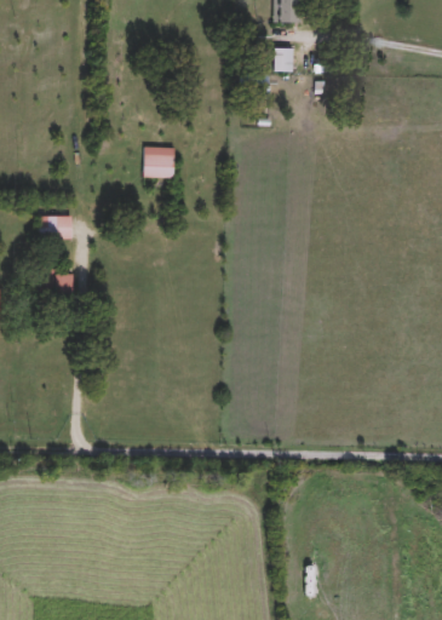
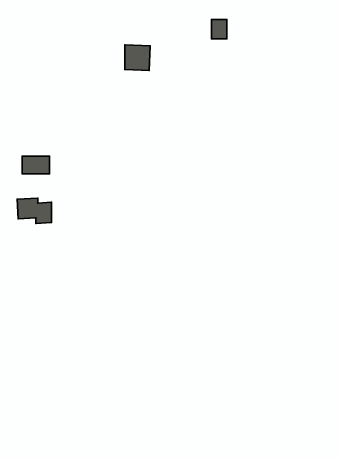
building: [144,145,176,177] -> [125,45,150,70]

